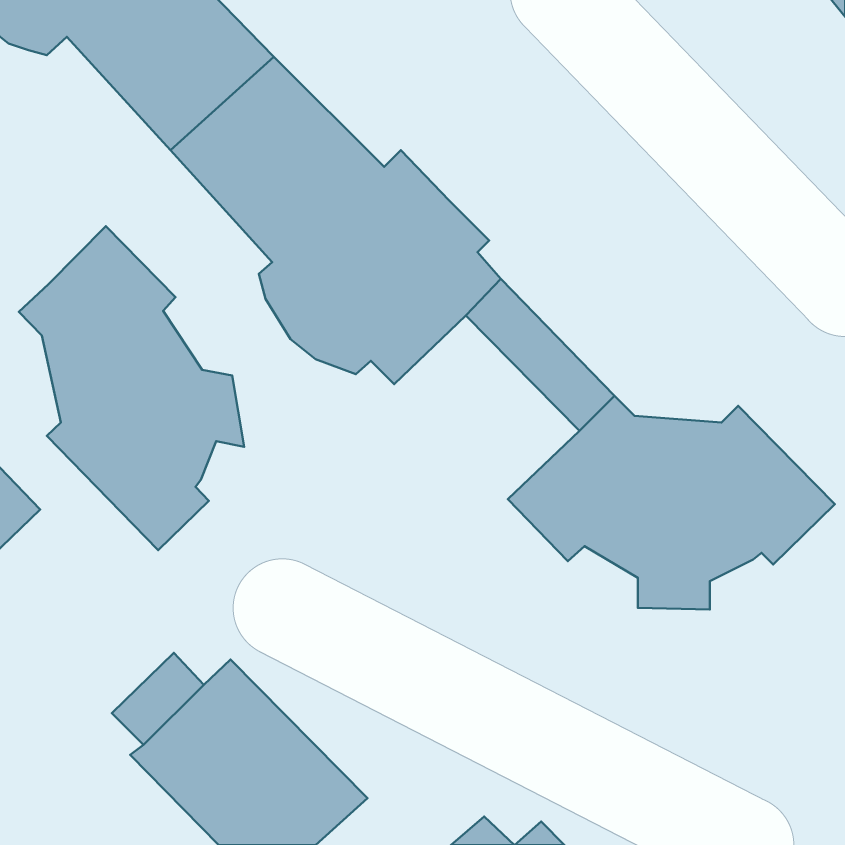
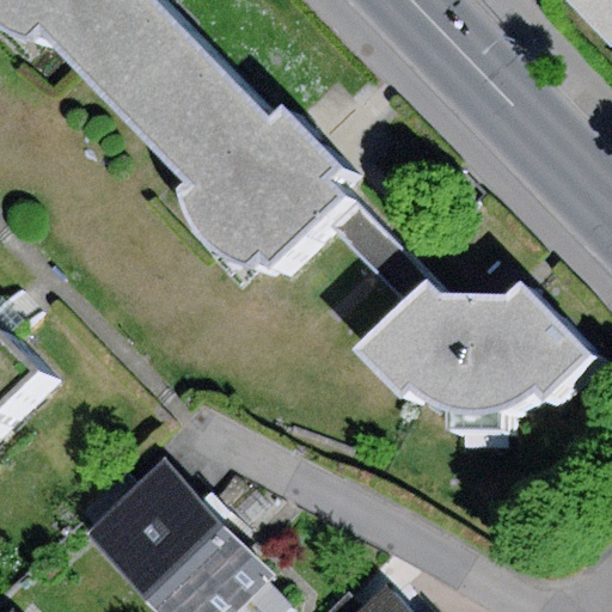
building: [19,226,244,550] -> none

